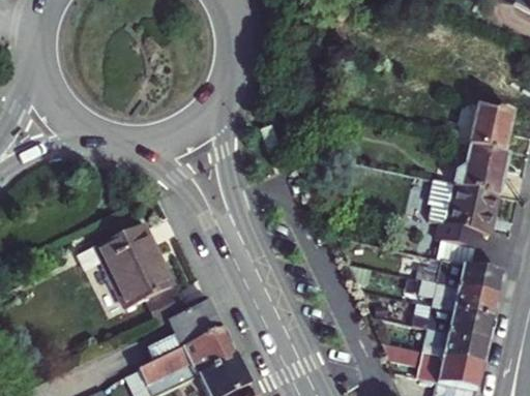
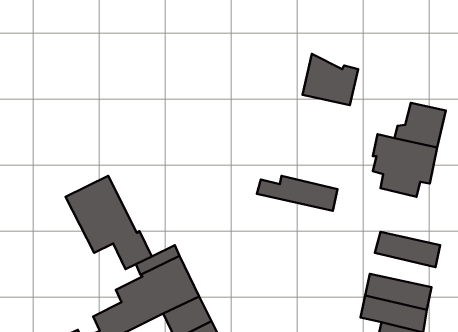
building: [450,95,511,151] -> [302,54,358,105]
building: [418,261,506,299] -> [257,176,338,211]
building: [424,307,496,344] -> none

